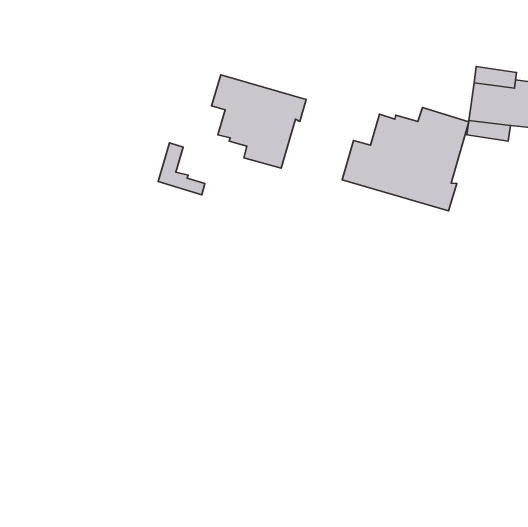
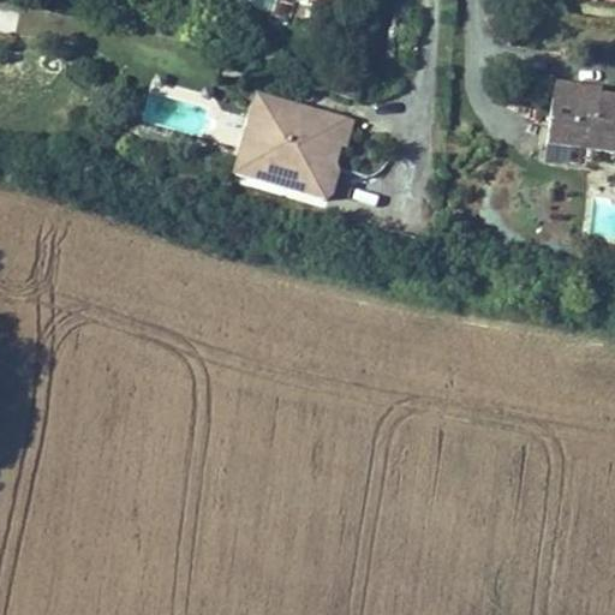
building: [342,107,469,211] -> none
building: [158,143,205,195] -> [234,126,288,186]

